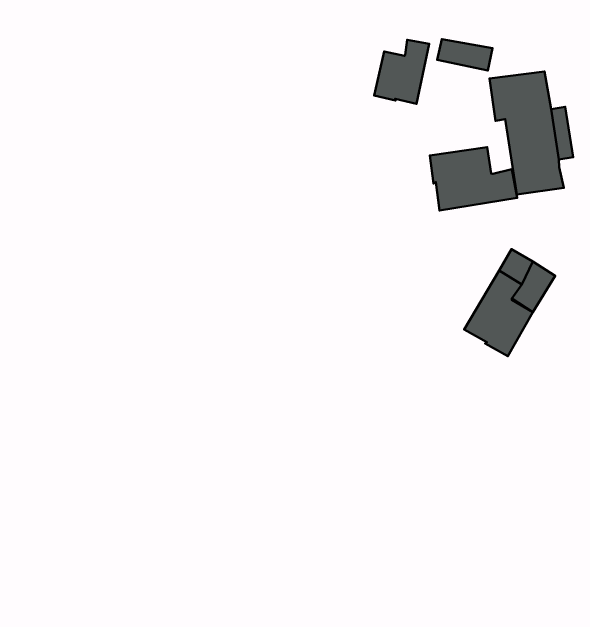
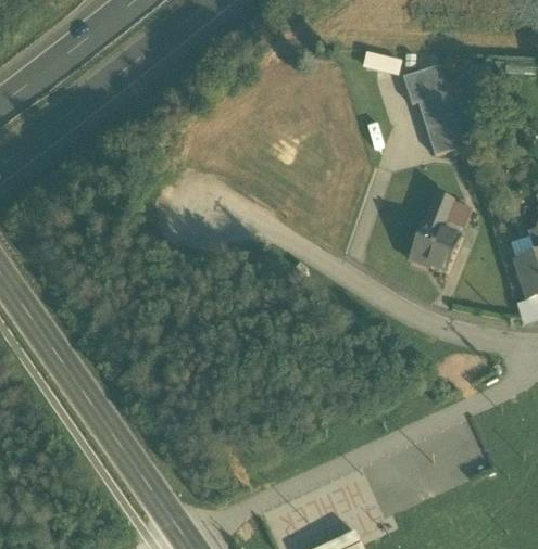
building: [374,40,429,104] -> none
building: [430,147,517,210] -> none

